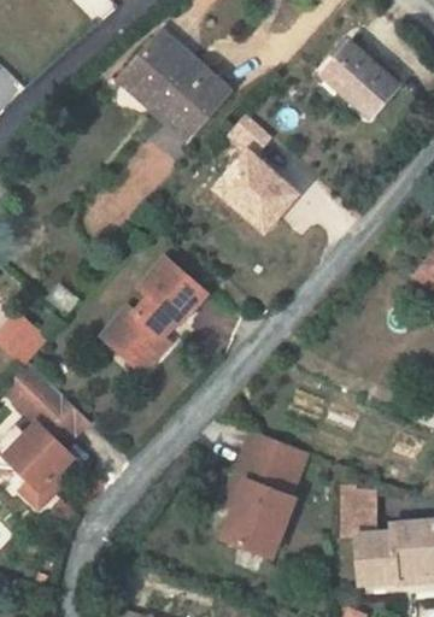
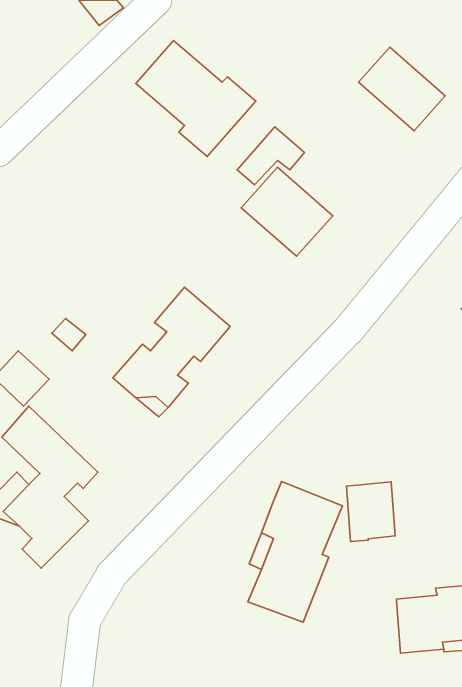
building: [336,486,380,539] -> [346,482,395,541]

